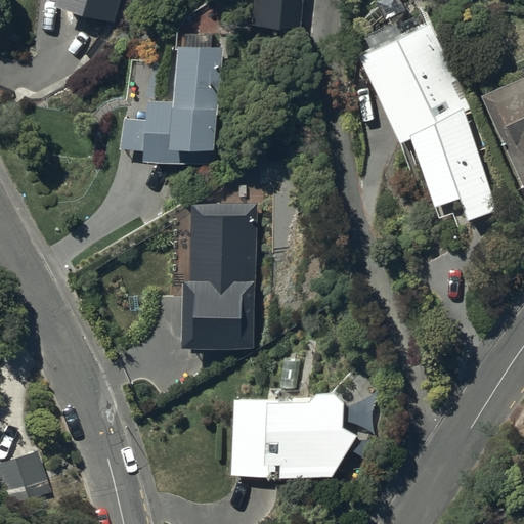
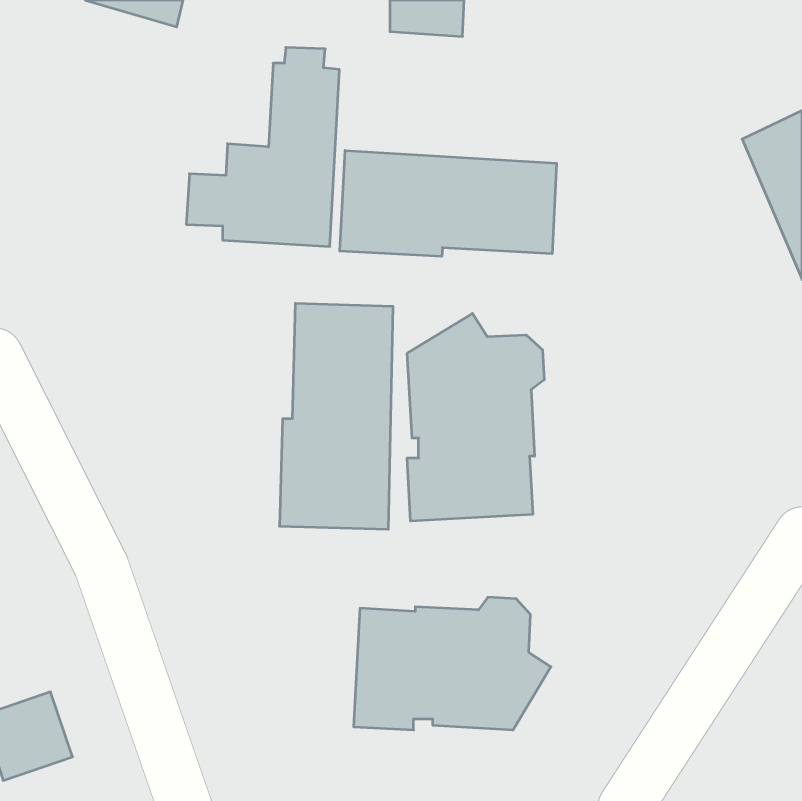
building: [358,20,494,221] -> none
building: none -> [340,150,557,256]
building: none -> [407,313,544,521]

